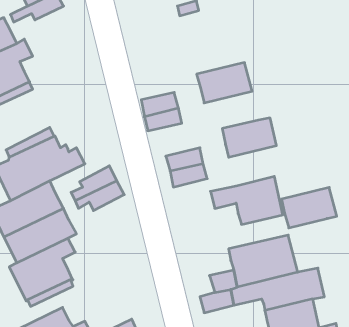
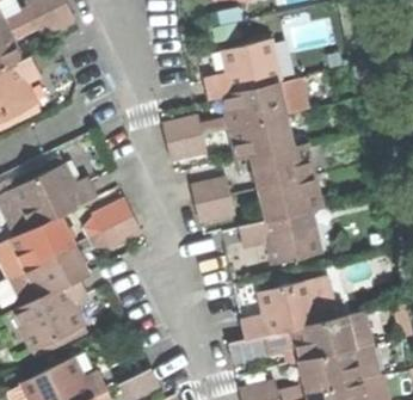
building: none -> [207,39,282,98]
building: none -> [233,115,294,160]
building: [281,187,337,228] -> [260,176,322,221]

